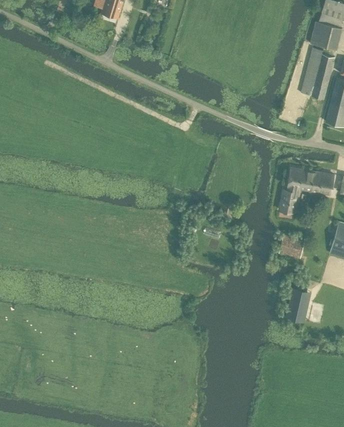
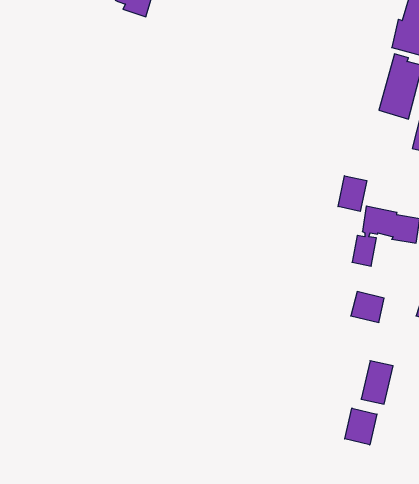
building: none -> [338,176,367,211]
building: none -> [345,408,377,445]

